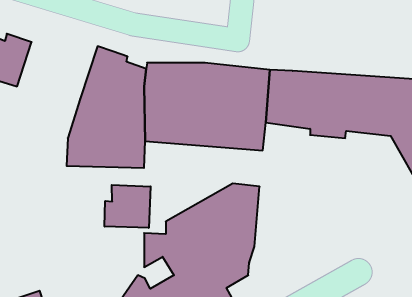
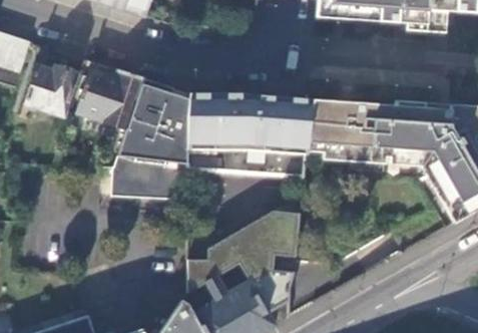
building: none -> [74,69,141,128]
building: [105,185,151,228] -> none

